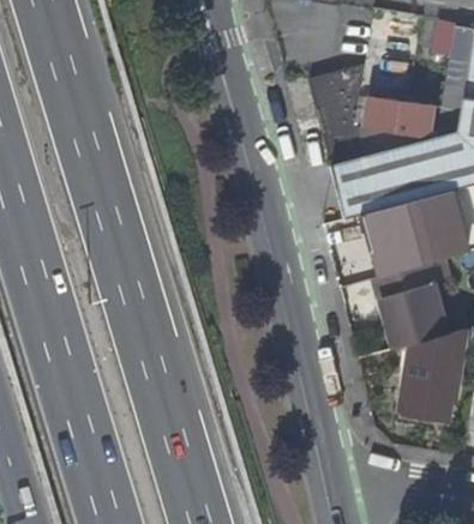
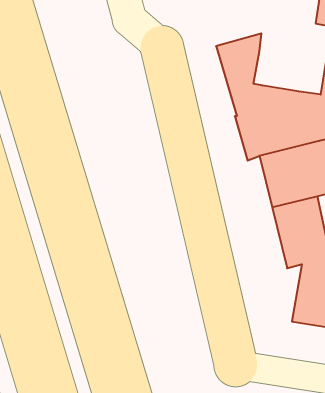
building: [365,95,433,134] -> none

